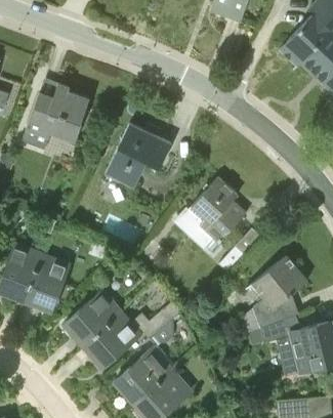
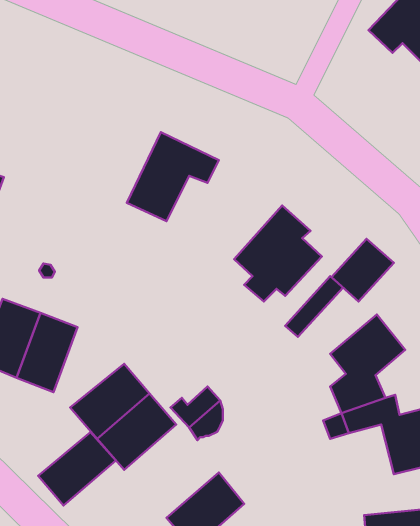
building: [20,84,89,150] -> none
building: none -> [331,239,394,301]
building: [115,350,171,404] -> [38,432,116,506]

